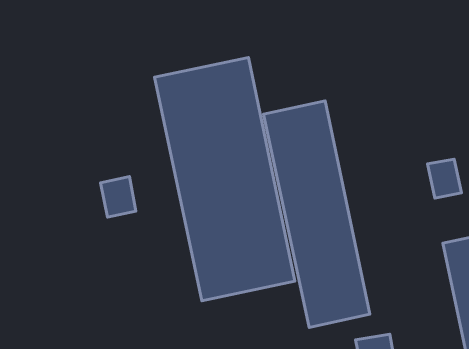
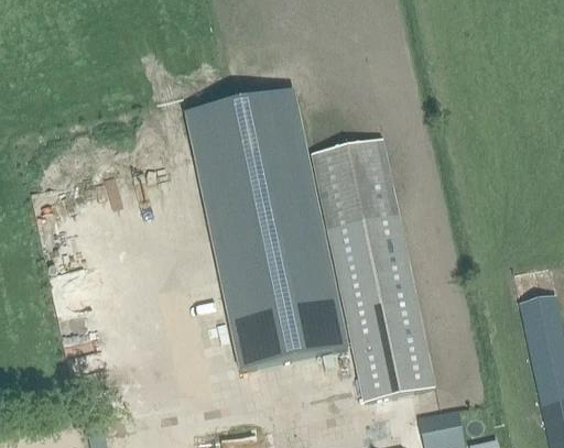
building: [427,159,461,198] -> none
building: [100,177,136,217] -> none

